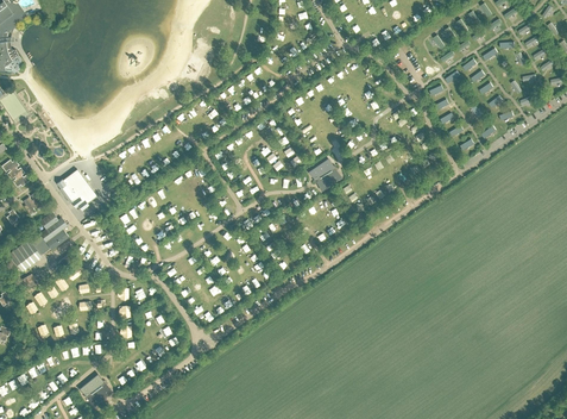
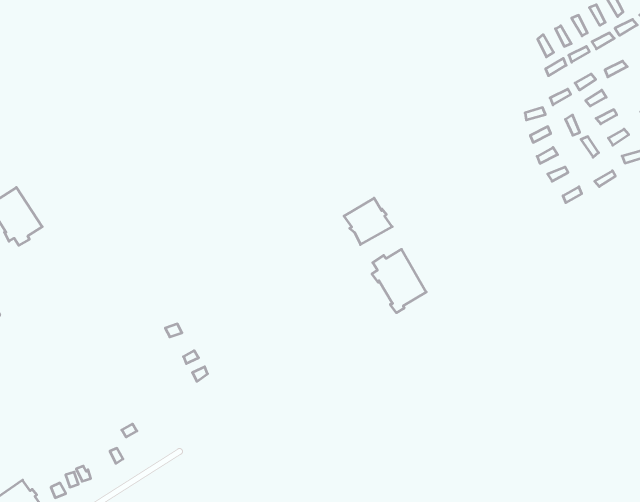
building: none -> [372,249,426,313]

